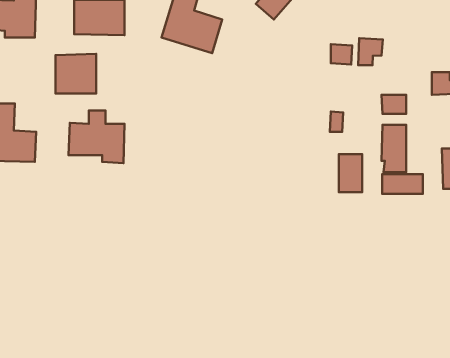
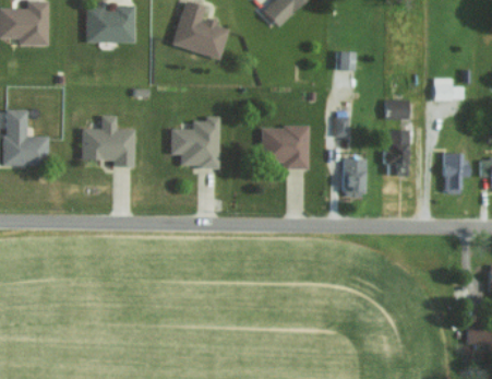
building: [358,38,383,65] -> none
building: [56,54,96,94] -> none
building: none -> [169,116,218,167]
building: none -> [261,127,309,169]
building: [382,174,423,194] -> none

